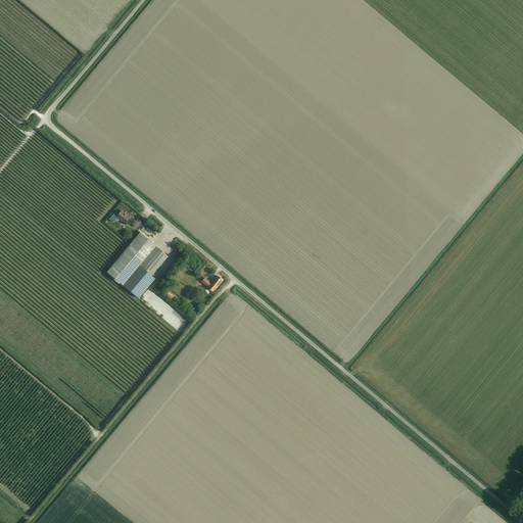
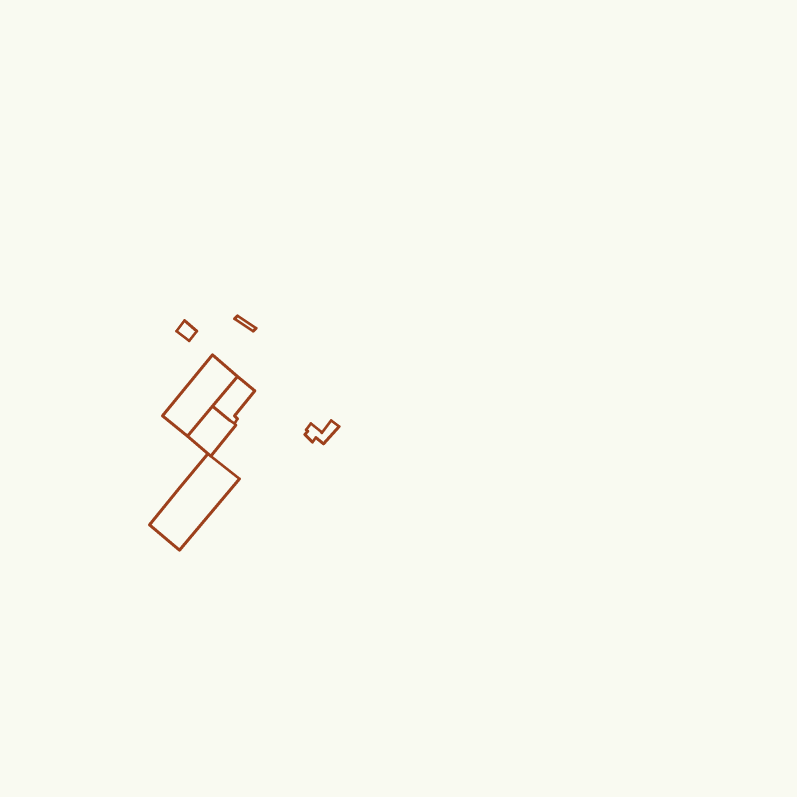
building: none -> [149,454,239,550]

